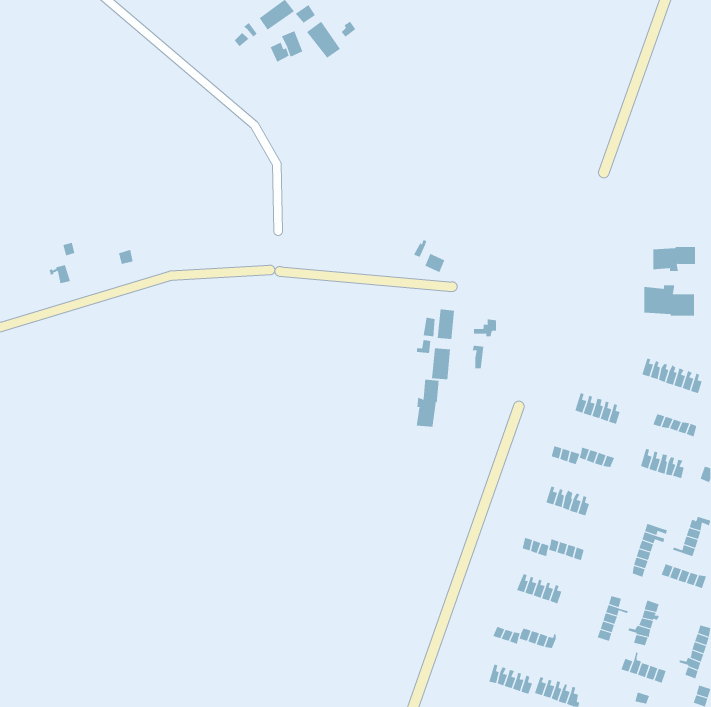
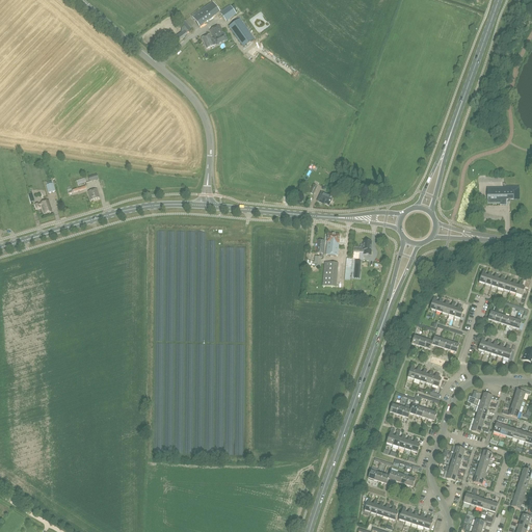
building: [644,284,695,317] -> none
building: [416,379,439,428] -> none

